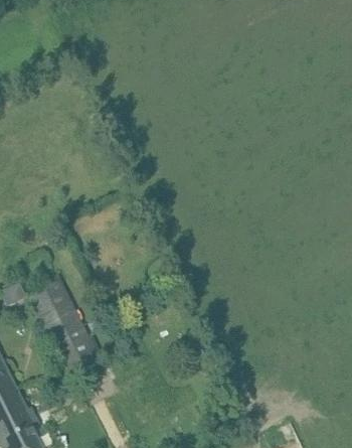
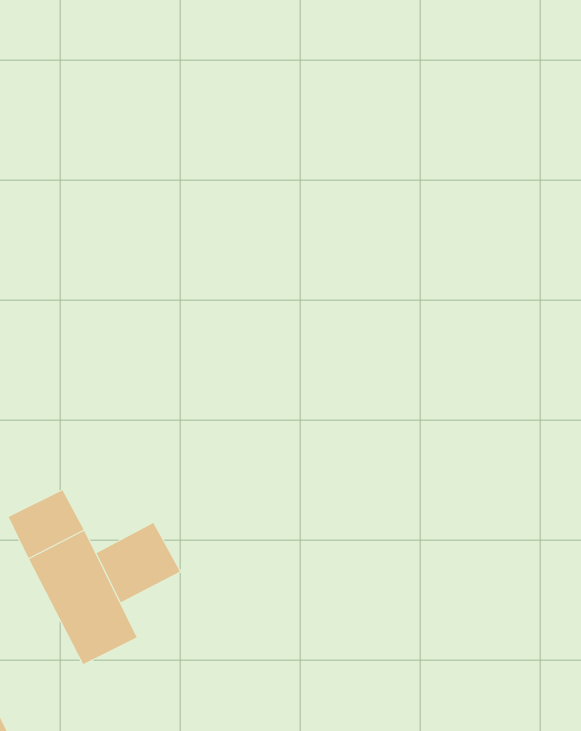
building: none -> [96,522,181,603]

